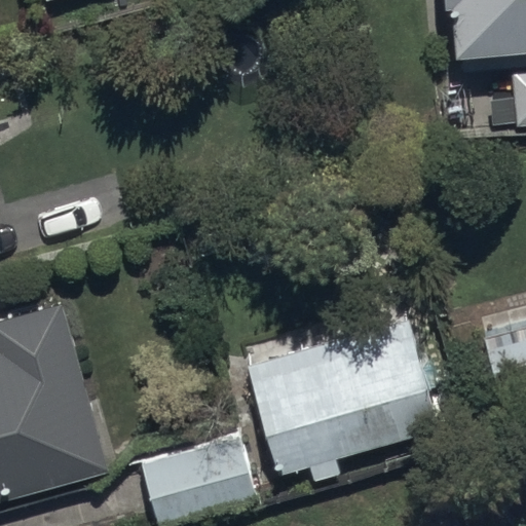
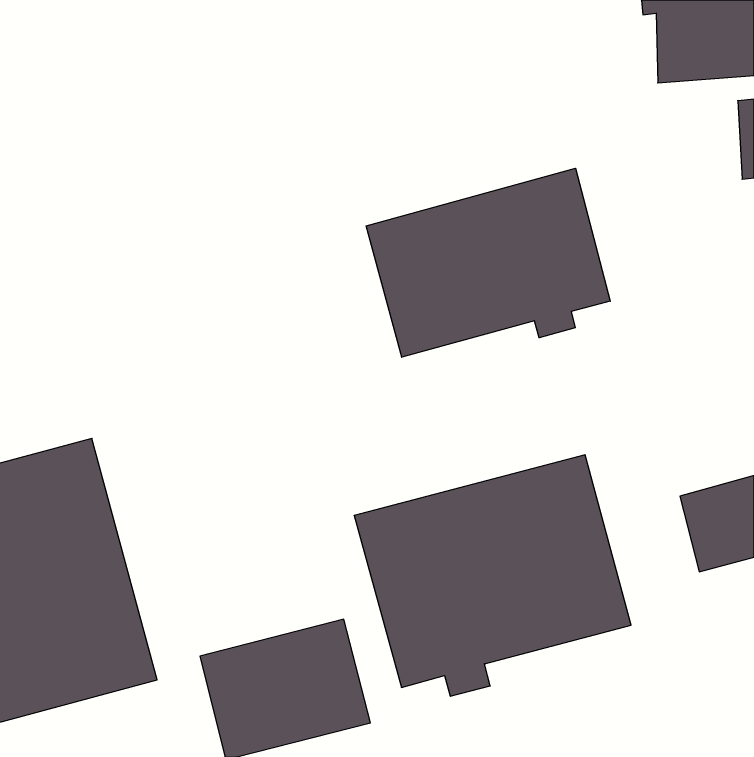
building: none -> [366,168,610,357]

